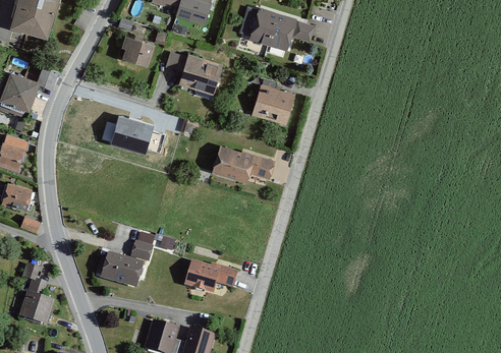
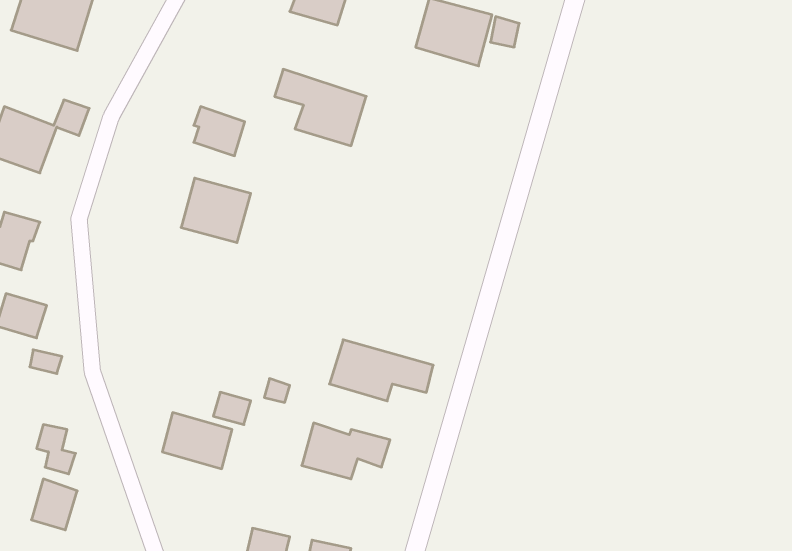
building: [120,36,151,65] -> [194,107,245,156]
building: [250,82,293,122] -> none
building: [211,144,273,181] -> [329,340,433,401]

